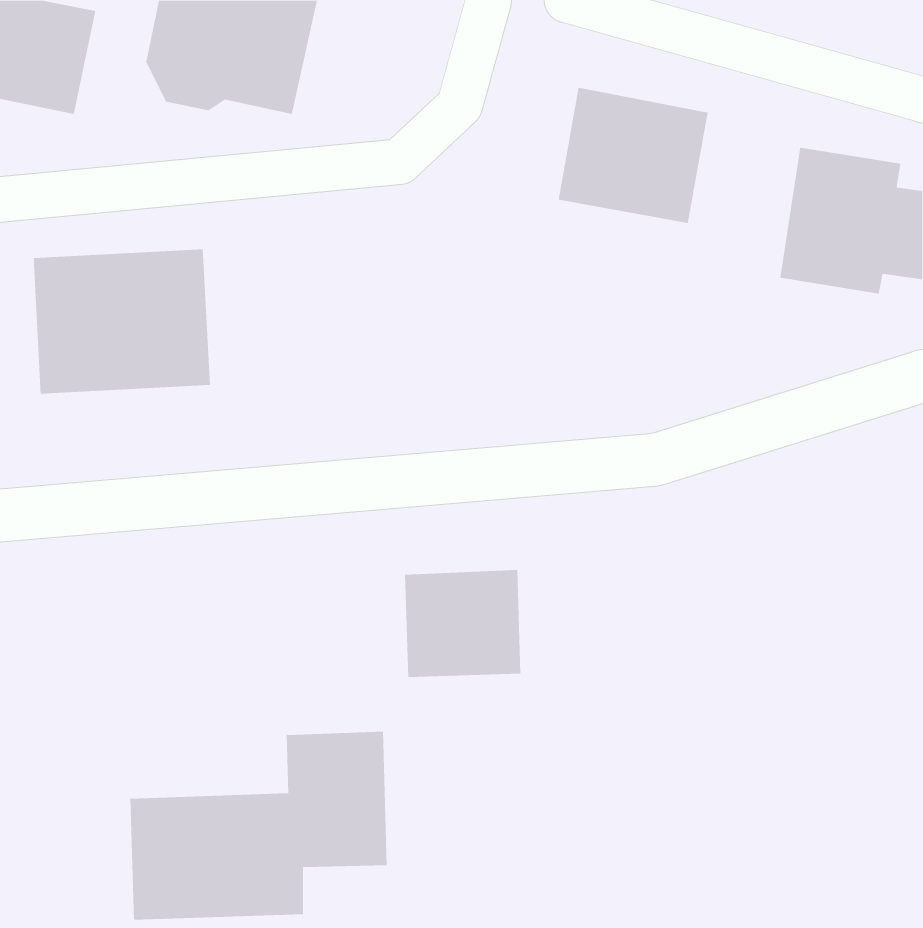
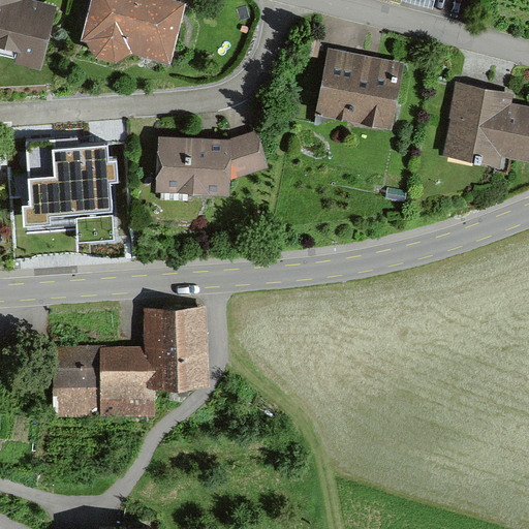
building: none -> [159,130,271,195]
building: [405,569,521,678] -> none
building: [130,731,388,920] -> [53,308,199,415]

